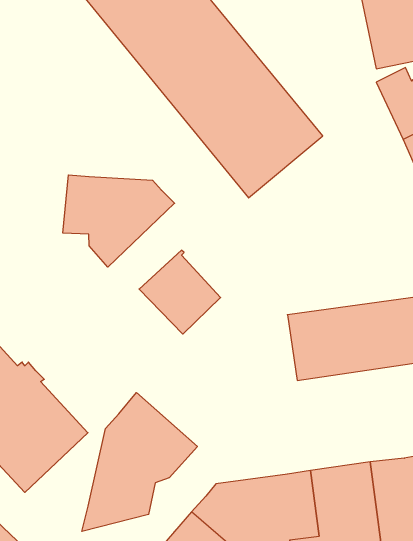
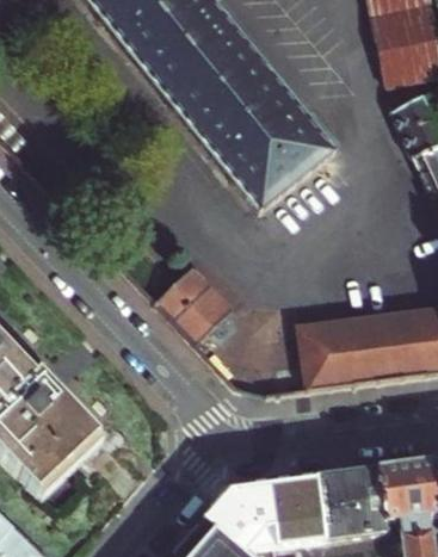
building: [63,175,175,267] -> none
building: [82,393,197,531] -> none

